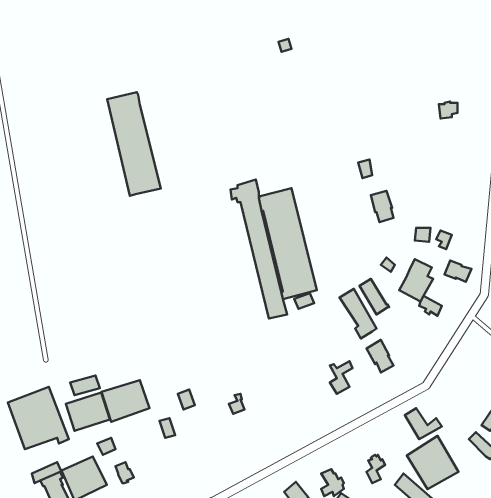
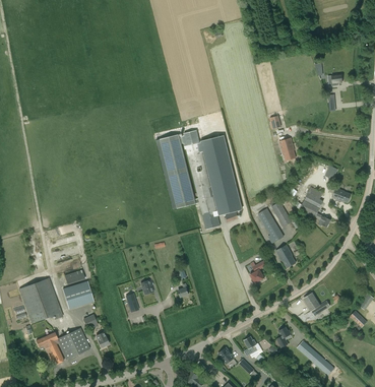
building: [107,92,161,196] -> [157,134,195,208]
building: [102,380,150,422] -> none
building: [407,436,458,489] -> none

